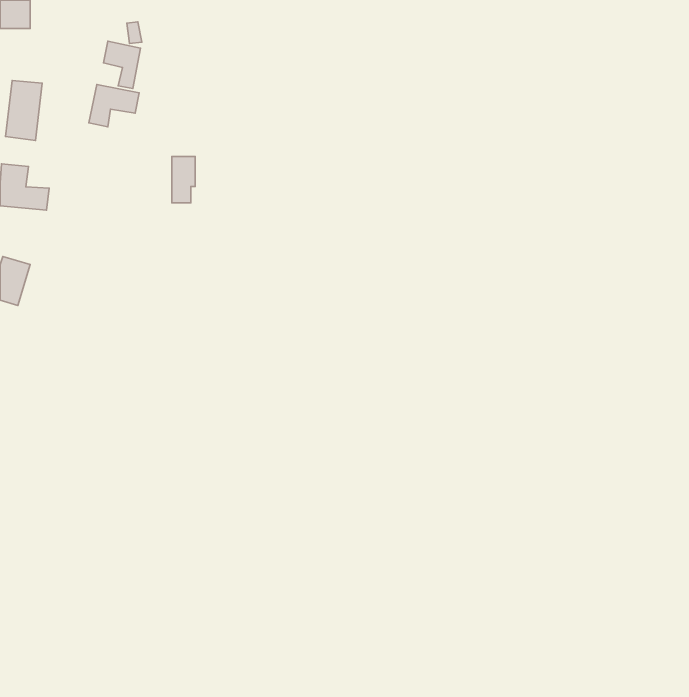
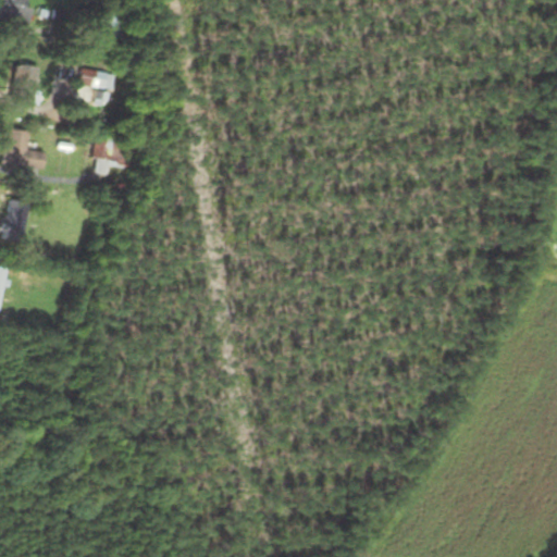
building: [104,41,141,89] -> none
building: [172,157,195,203] -> [95,137,113,174]

